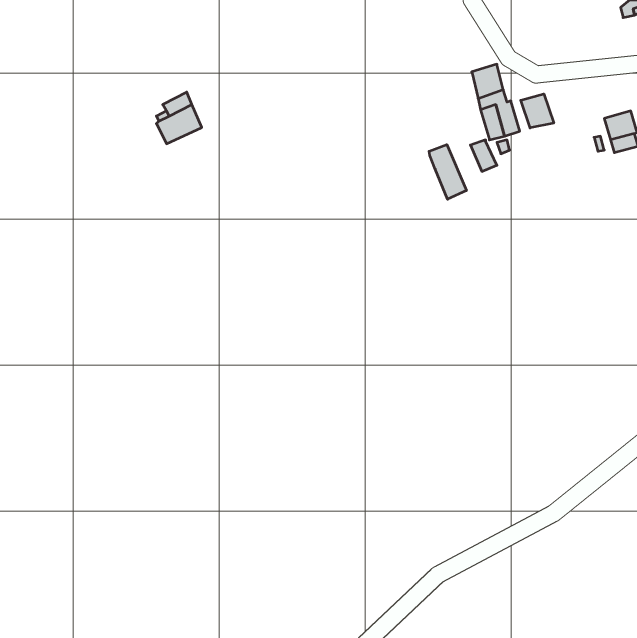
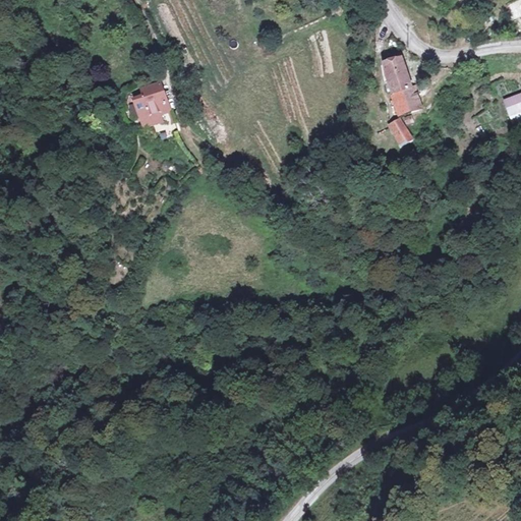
building: [521,94,554,128] -> none
building: [429,145,466,199] -> none

